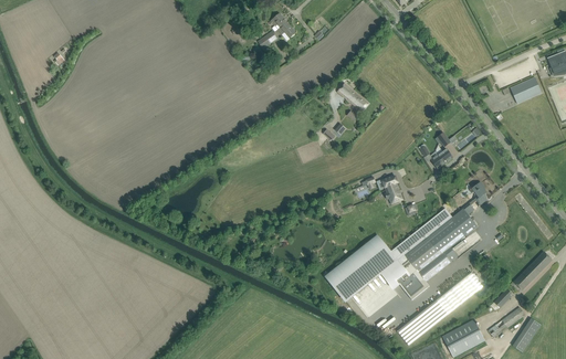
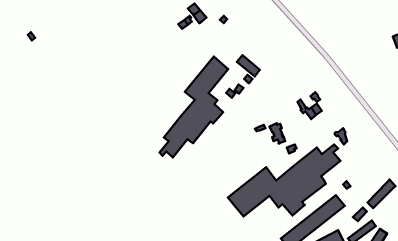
building: [511,77,542,103] -> none
building: none -> [160,57,228,157]

